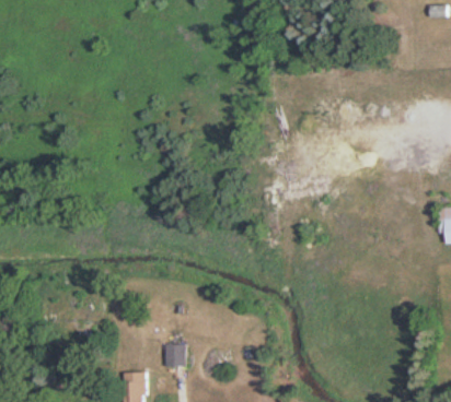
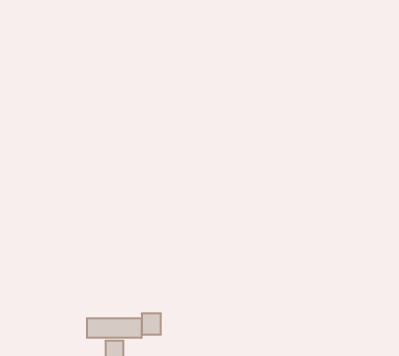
building: none -> [87,318,142,338]

